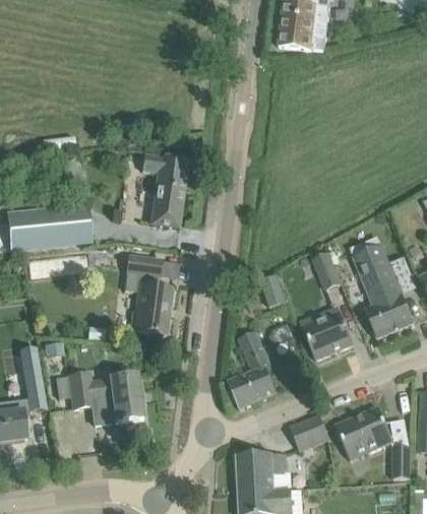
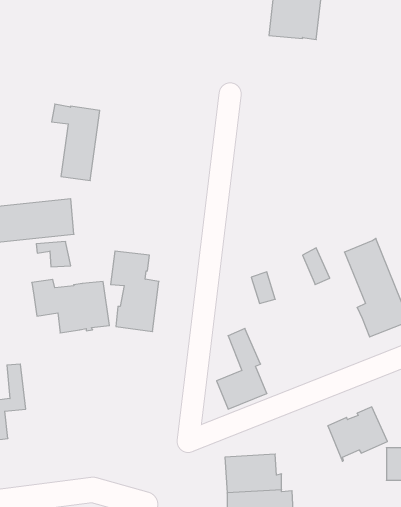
building: [141,152,188,227] -> [52,104,100,181]
building: [299,306,353,359] -> none
building: [68,372,143,424] -> [32,279,109,333]
building: [292,414,328,449] -> none

